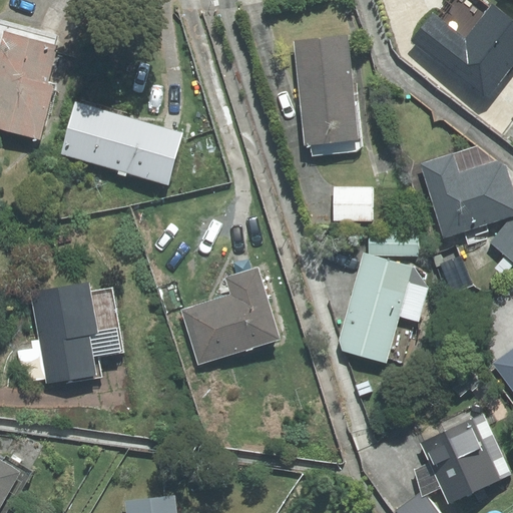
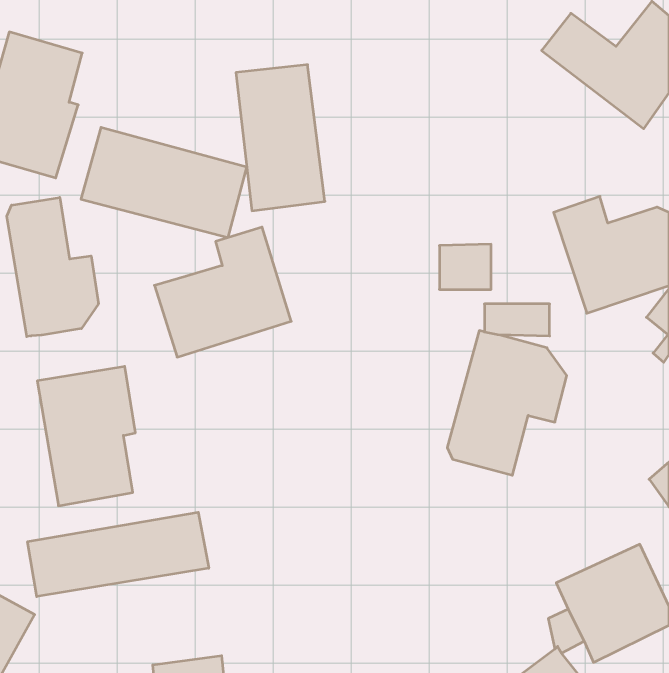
building: [293,36,360,146] -> [236,65,325,211]
building: none -> [7,197,98,337]
building: [181,266,285,364] -> [154,227,291,357]
building: none -> [28,512,209,597]

